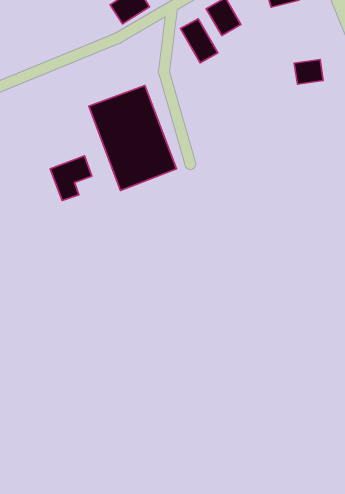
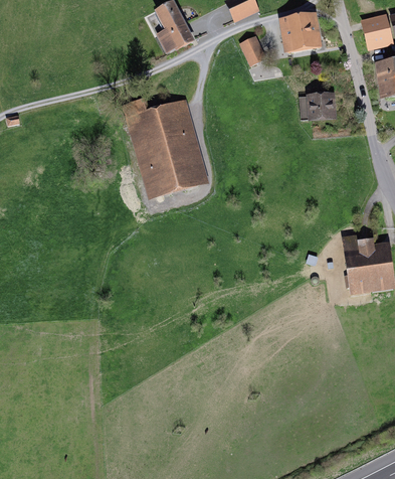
building: [180,19,218,63] -> none
building: [50,156,92,201] -> none

